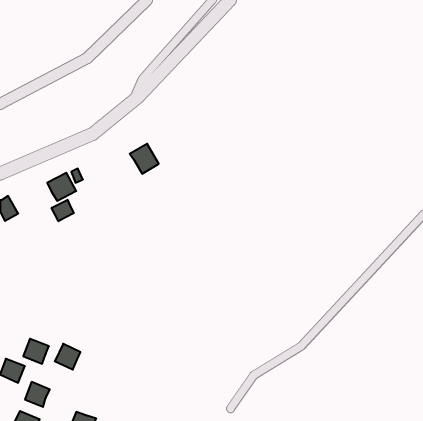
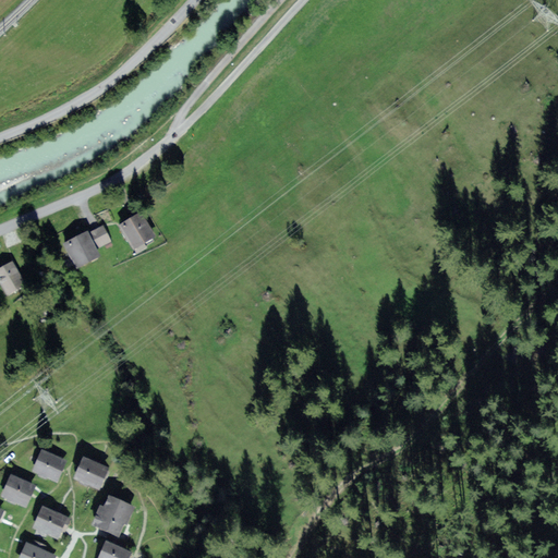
building: [130,144,159,174] -> [119,213,157,252]
building: [52,200,74,221] -> none
building: none -> [90,494,130,536]

